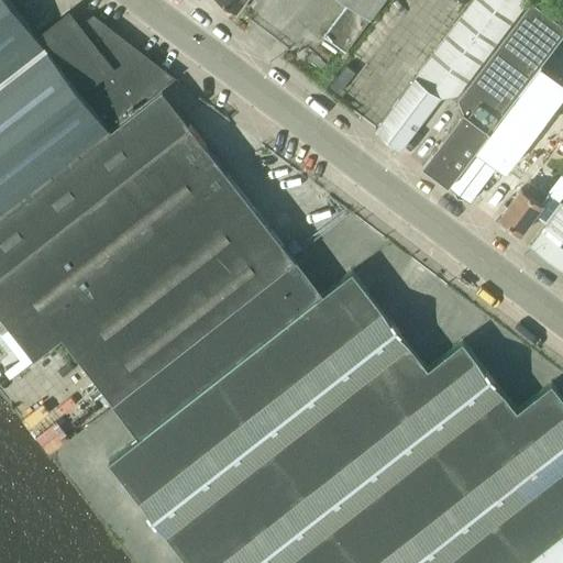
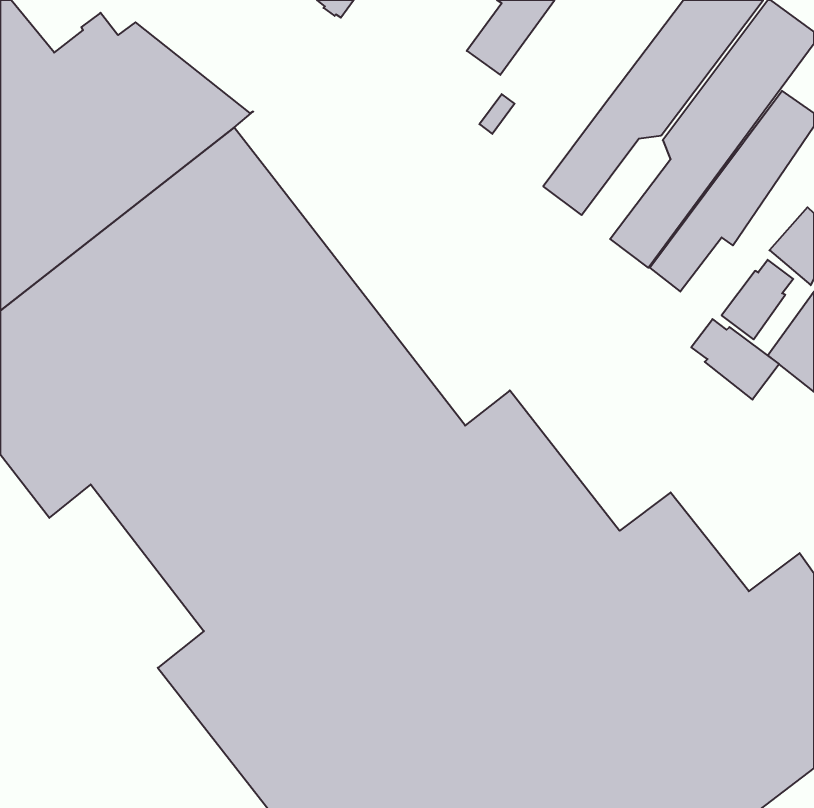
building: none -> [691,319,779,400]

